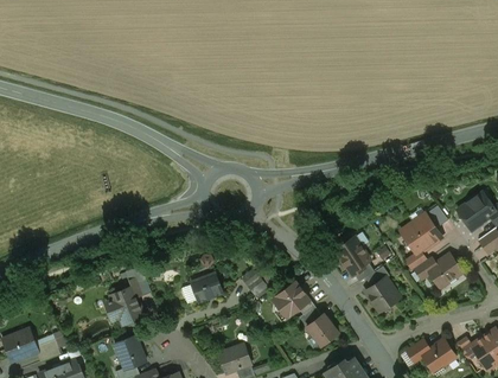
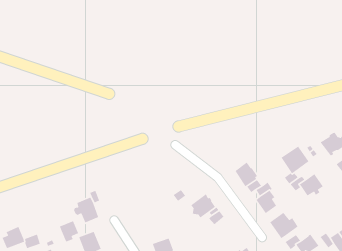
building: [191,273,223,302] -> none
building: none -> [269,212,299,239]
building: [307,314,338,346] -> none
building: none -> [59,220,79,242]

